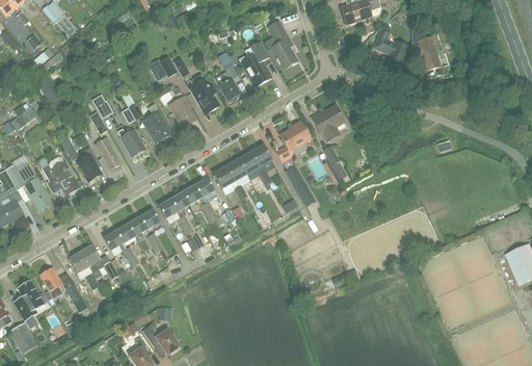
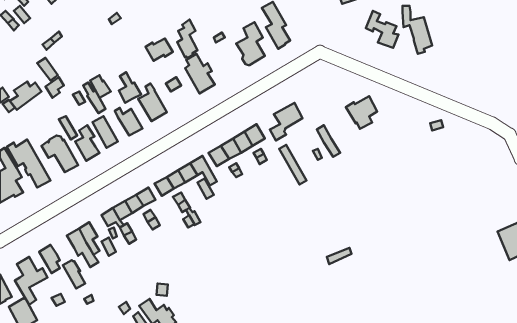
building: [219,61,240,100] -> [177,20,198,57]
building: [311,105,343,138] -> [346,96,377,129]

